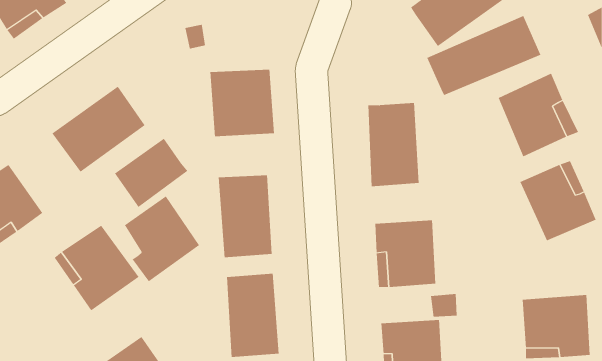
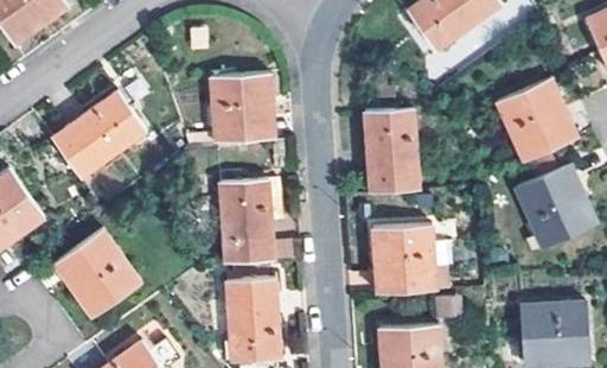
building: [426,15,541,96] -> none
building: [114,138,188,208] -> none
building: [124,195,200,282] -> none

